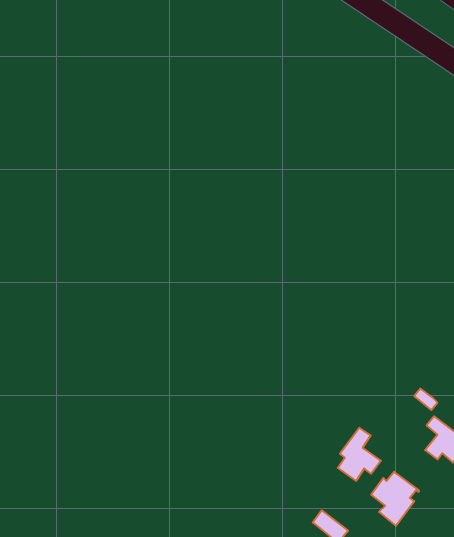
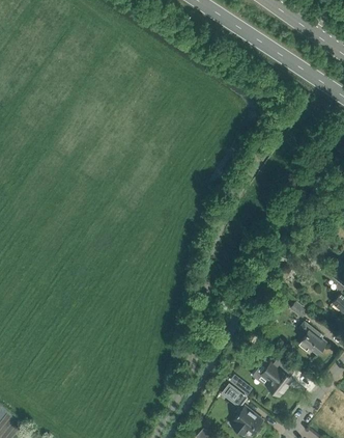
building: [338,428,381,481] -> none

